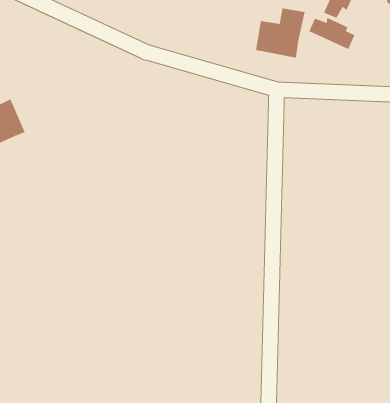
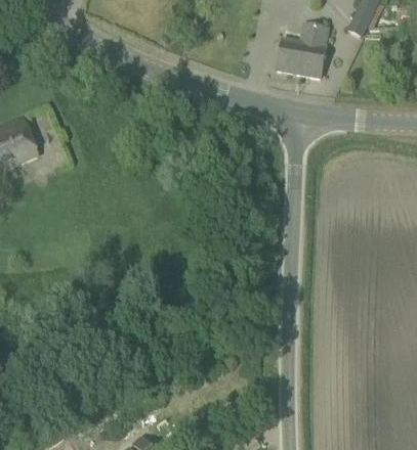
building: [308,17,355,50] -> none

